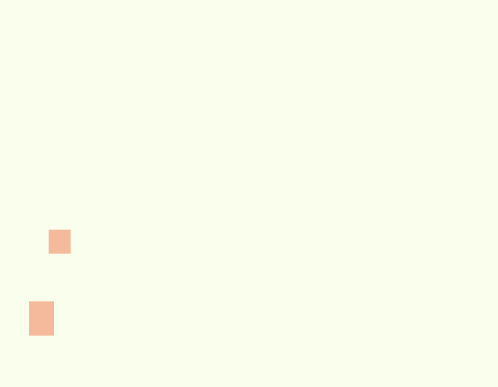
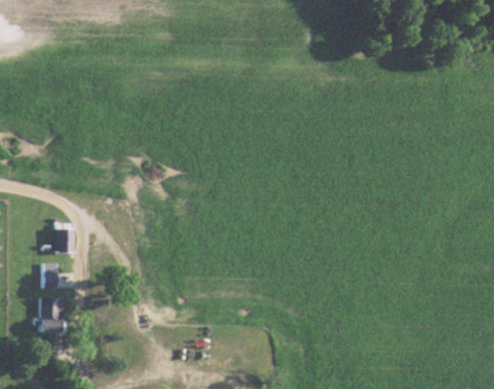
building: none -> [43,263,60,288]

